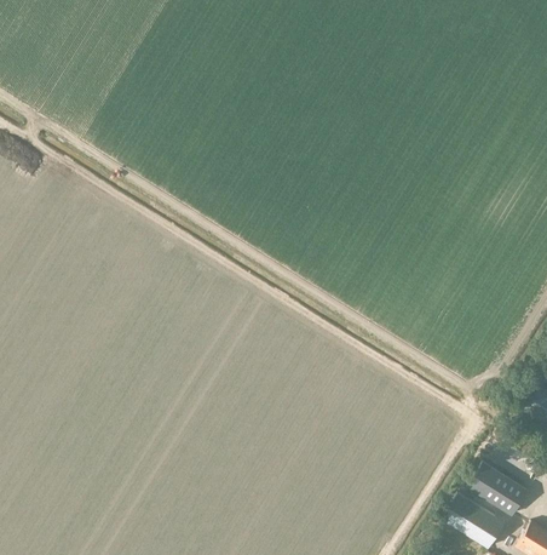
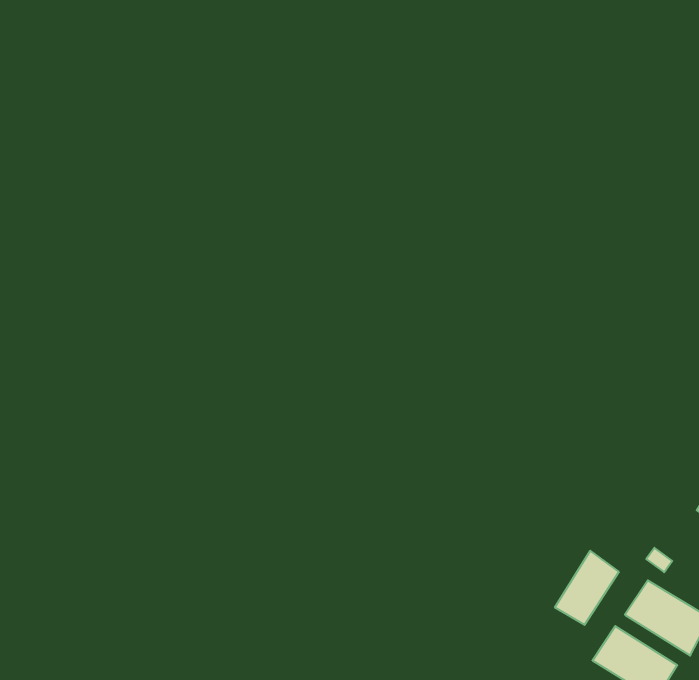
building: none -> [555,551,619,625]

